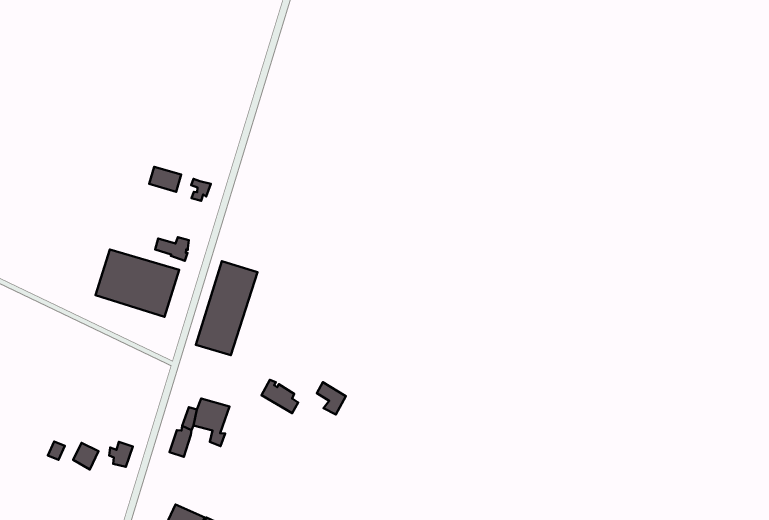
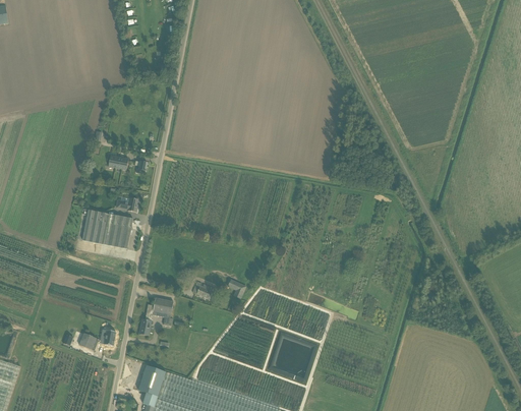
building: [196,261,258,355] -> none

